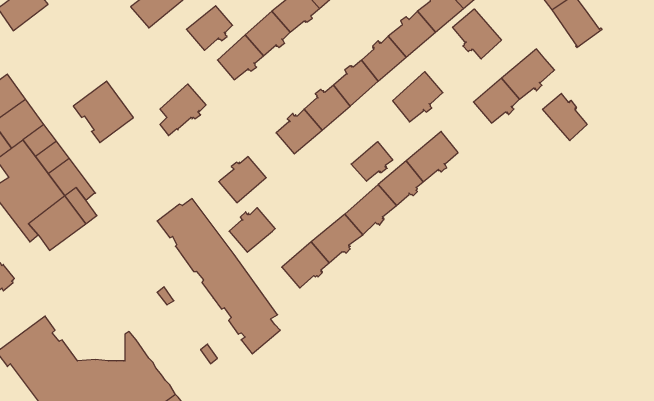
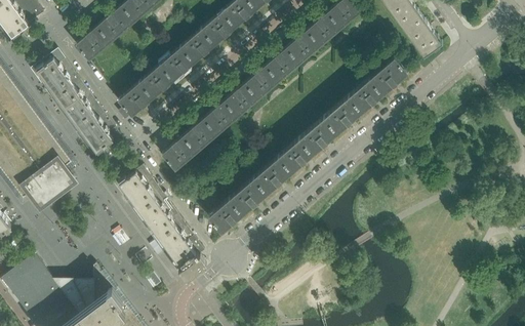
building: [186,6,233,50] -> [138,67,172,99]
building: none -> [76,28,110,62]
building: [453,9,501,59] -> none
building: none -> [33,53,79,100]
building: [393,72,443,122] -> [324,97,361,134]
building: [543,93,587,141] -> none
building: none -> [74,109,119,157]
building: [351,142,393,181] -> none
building: [229,208,275,252] -> [183,120,216,153]

